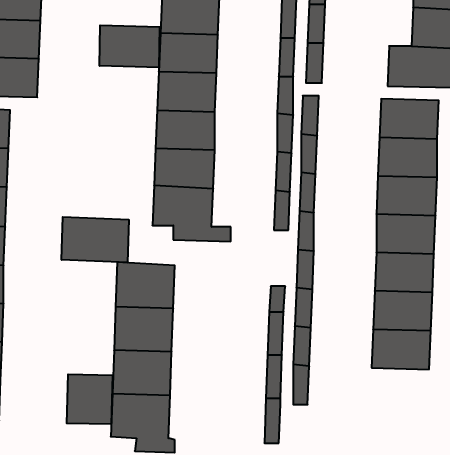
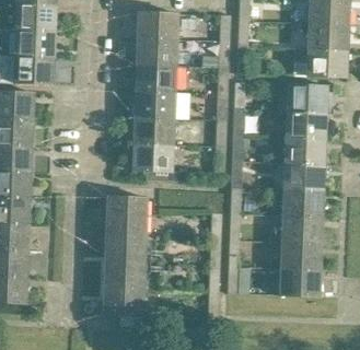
building: [100,25,160,68] -> none
building: [62,217,129,263] -> none
building: none -> [280,267,321,295]
building: [67,374,113,424] -> none

